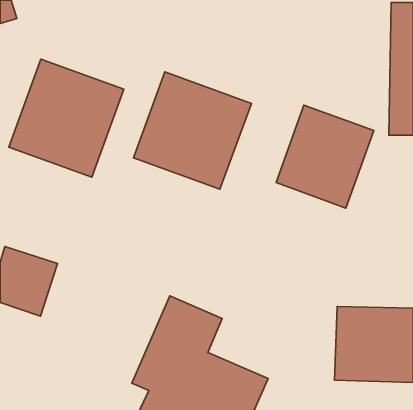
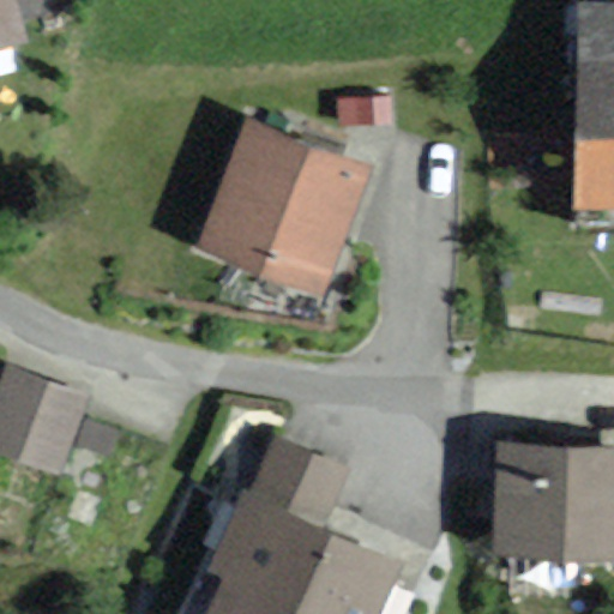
building: [9,59,124,177] -> none
building: [276,105,374,208] -> none

